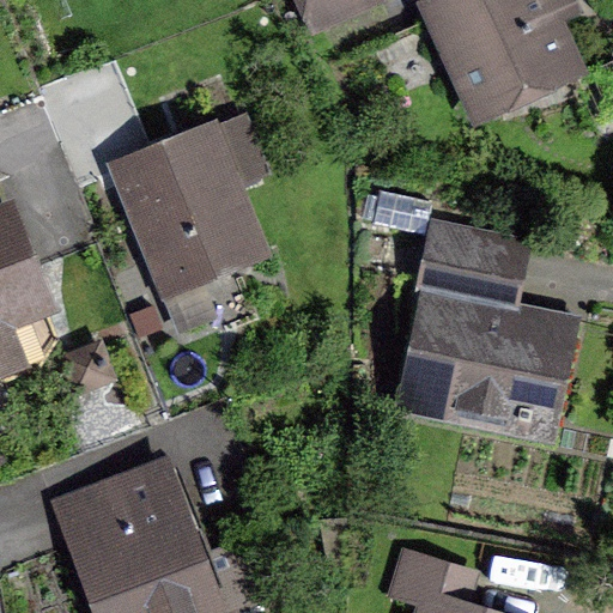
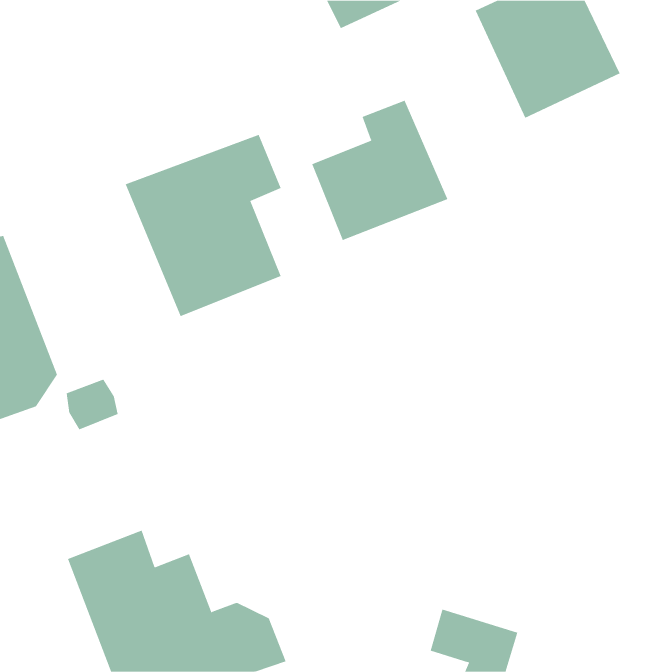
building: none -> [312,100,448,241]
building: [406,229,560,427] -> none

